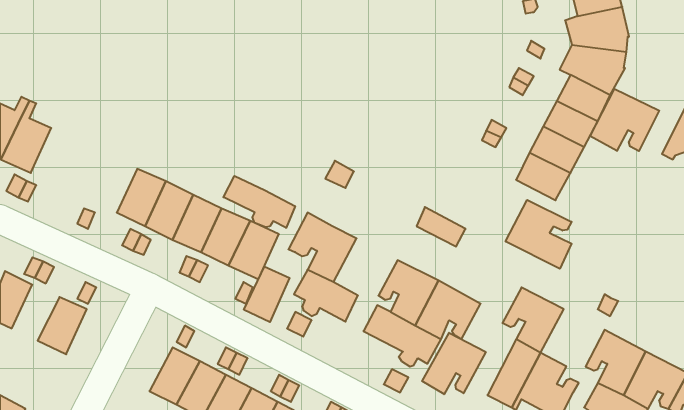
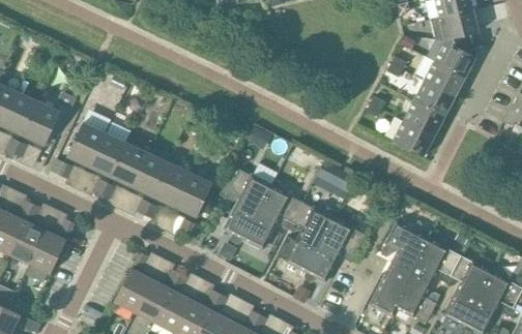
building: [590,89,659,151] -> none
building: none -> [24,102,60,146]
building: none -> [67,123,105,166]
building: [223,176,295,228] -> none
building: [506,200,572,269] -> none
building: none -> [254,186,302,230]
building: [244,267,290,322] -> none
building: none -> [9,221,46,264]
building: none -> [411,240,460,283]
building: [422,333,486,394] -> none

